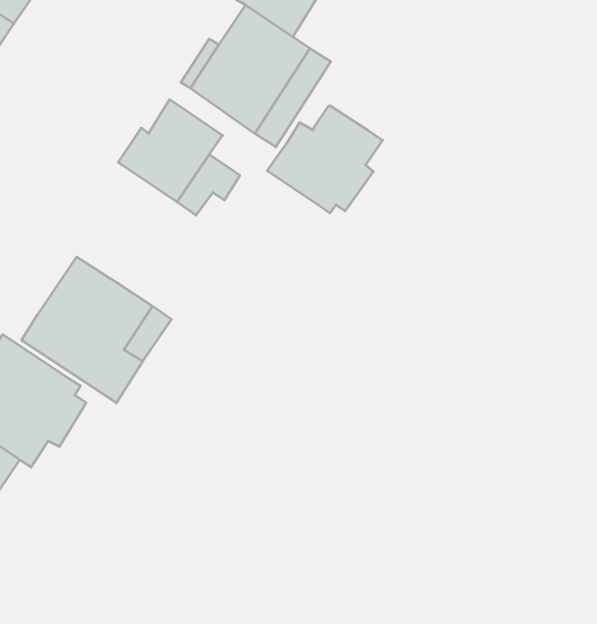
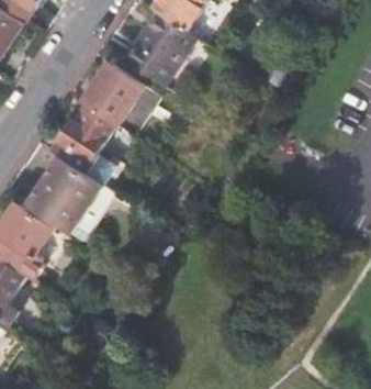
building: [267,106,383,213] -> none
building: none -> [47,112,111,174]

